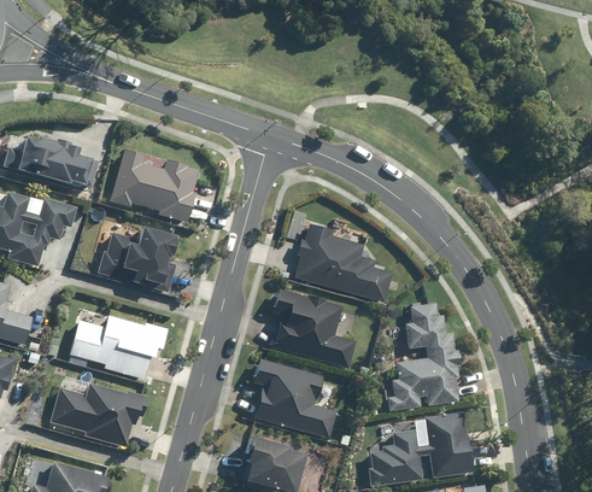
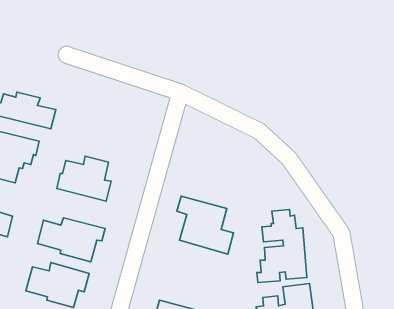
building: [111,147,199,222] -> none
building: [294,223,393,303] -> none
building: [250,358,336,435] -> none

